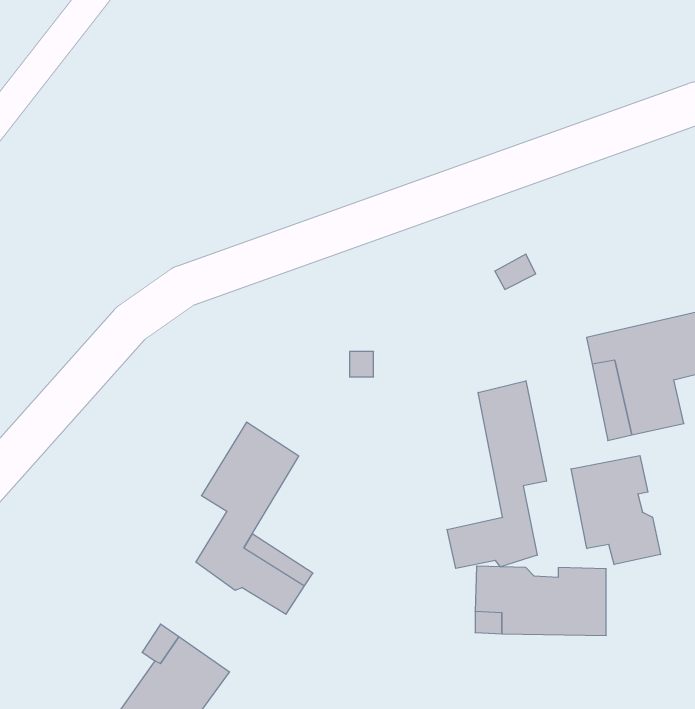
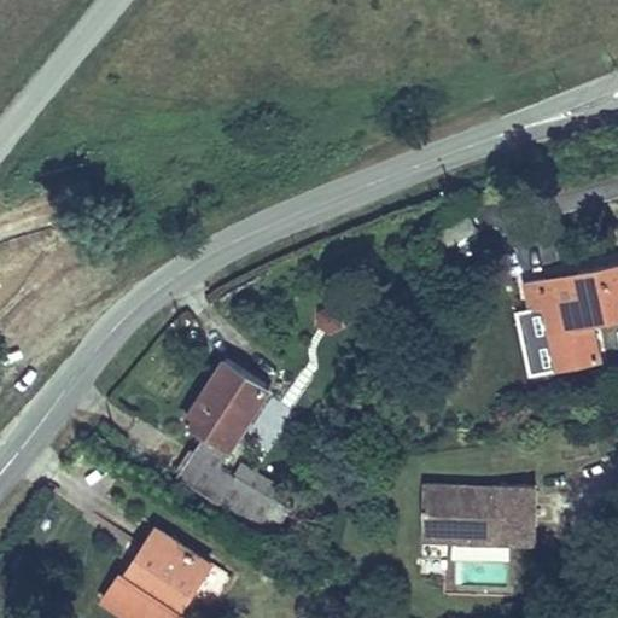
building: [447,381,546,568] -> none
building: [571,456,661,565] -> none

